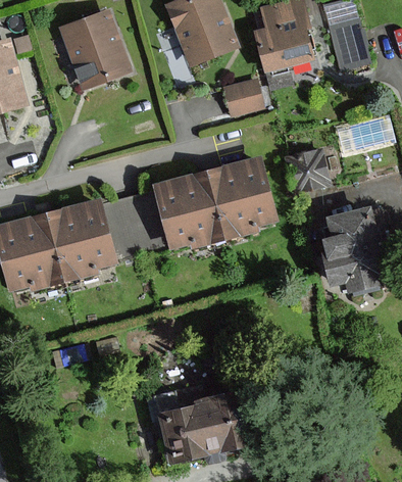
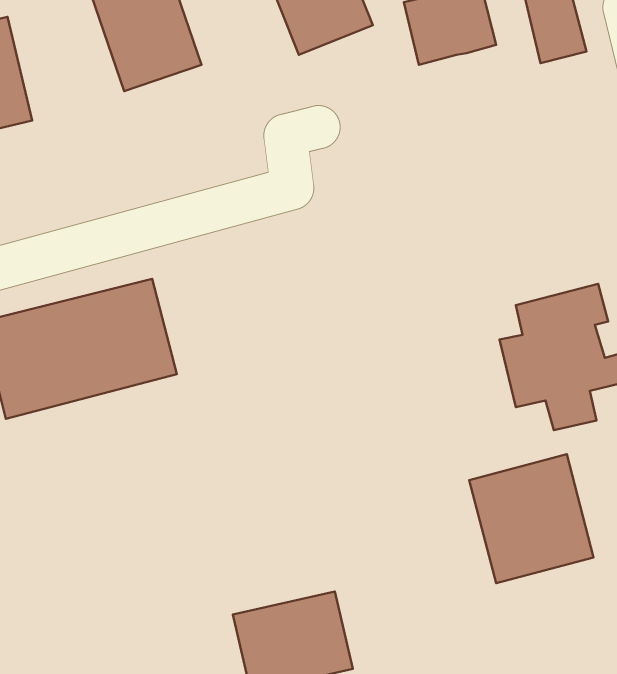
building: [225,80,263,113] -> none
building: [287,150,330,191] -> none
building: [155,157,273,246] -> none
building: none -> [469,454,593,583]

